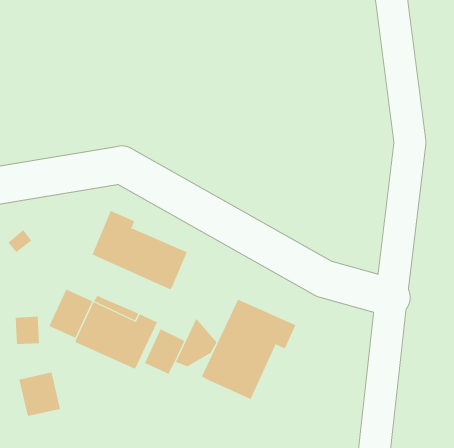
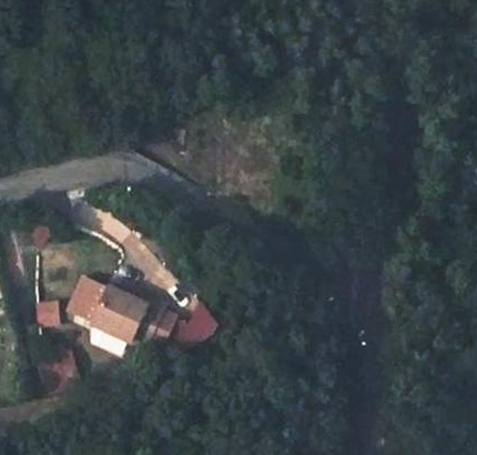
building: [92,210,187,290] -> none
building: [201,299,296,400] -> none

